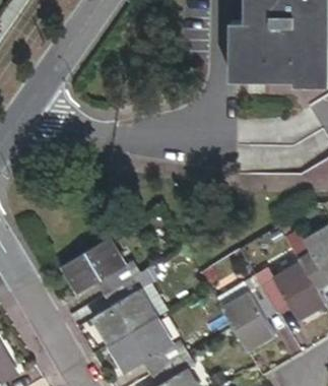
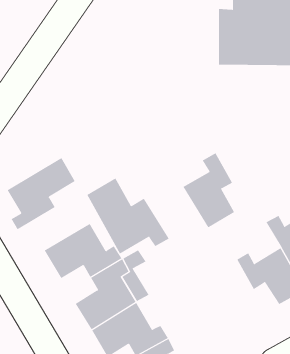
building: none -> [7,157,76,230]
building: none -> [87,178,170,254]
building: [221,274,274,350] -> [183,153,235,228]

